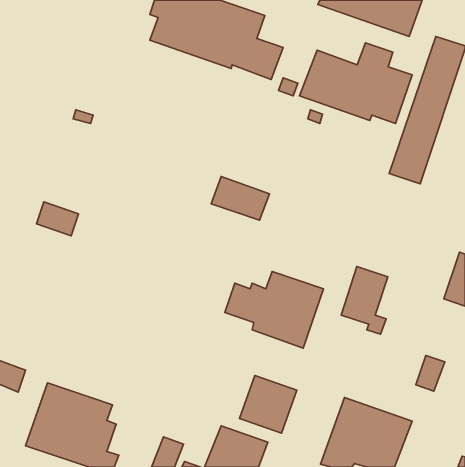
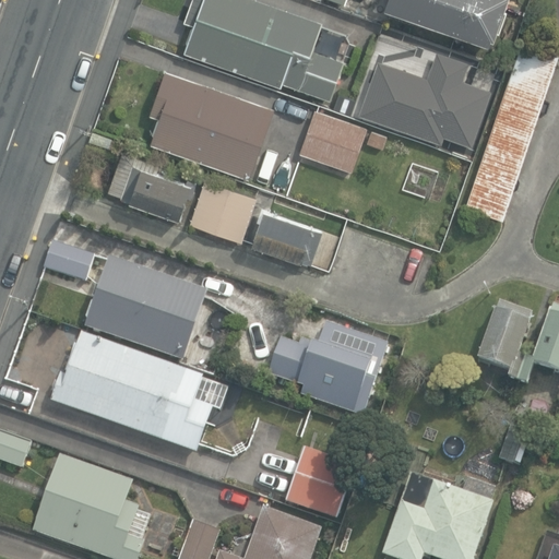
building: none -> [151,70,274,177]
building: none -> [299,110,366,170]
building: none -> [108,151,255,240]
building: none -> [83,259,204,362]
building: [341,267,388,334] -> [474,296,530,377]
building: none -> [50,333,213,452]

